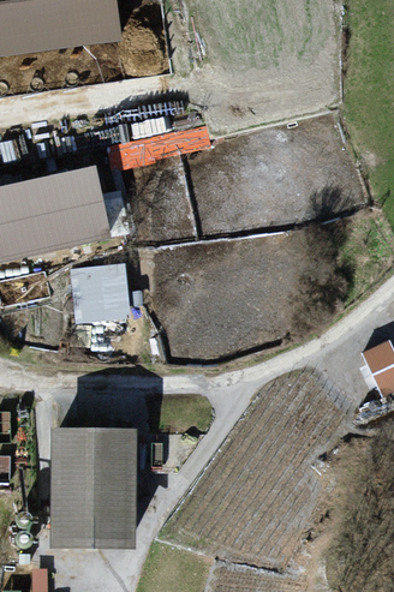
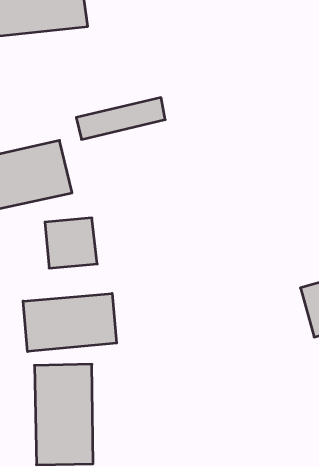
building: none -> [23,293,117,352]

